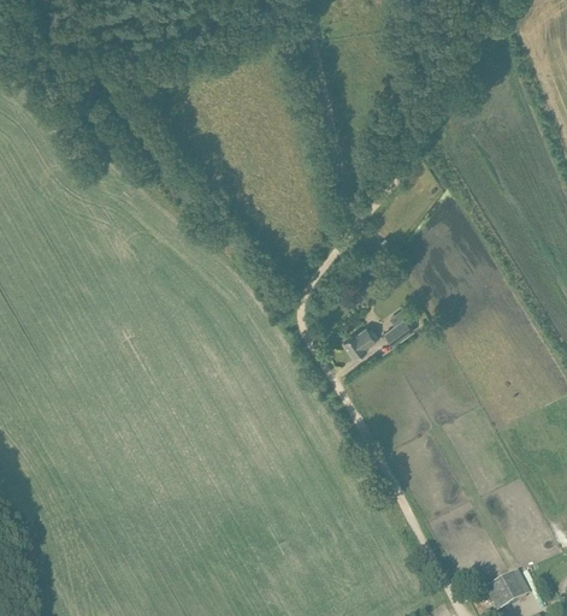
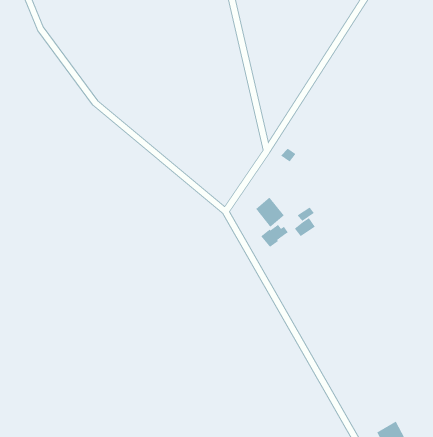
building: none -> [255,196,285,228]

